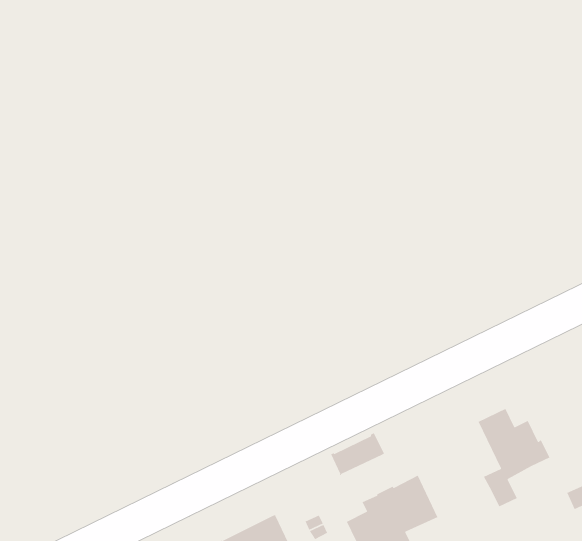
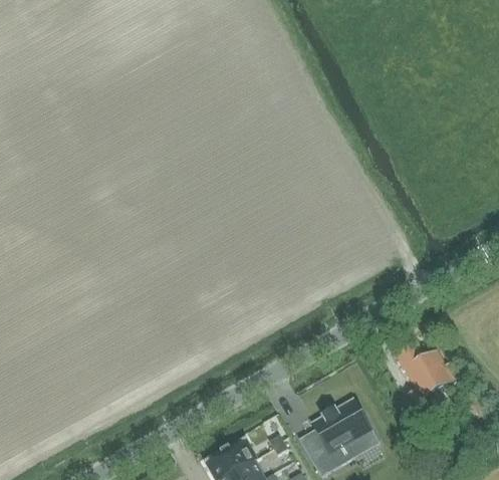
building: [330,432,386,476] -> none

